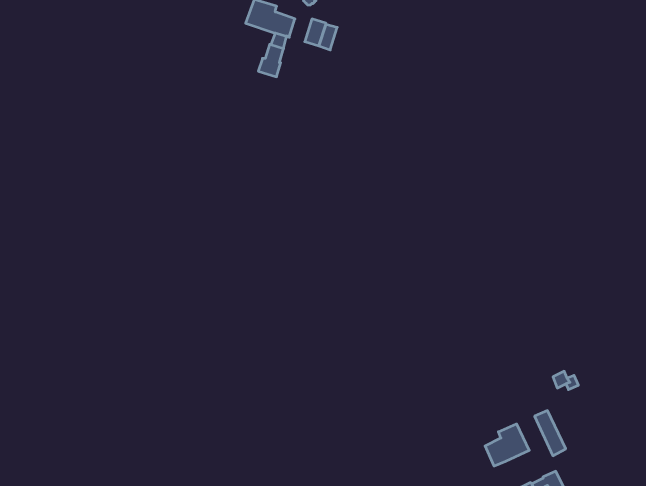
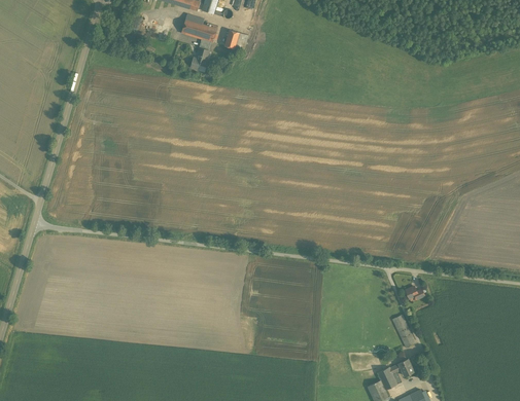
building: [485,424,529,466] -> none

